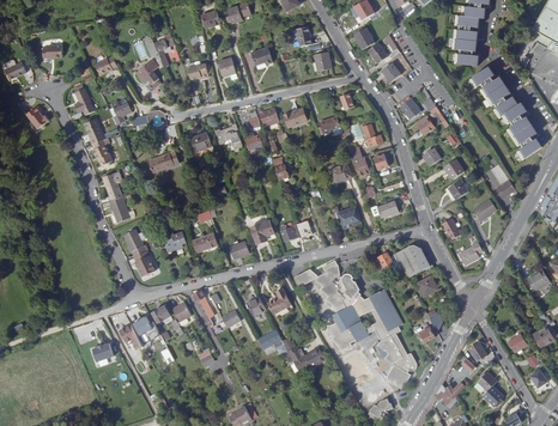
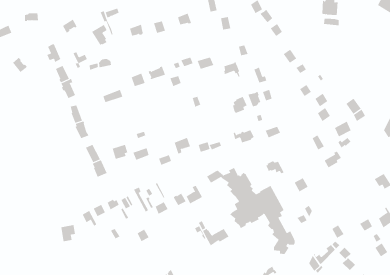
building: [471,66,542,159] -> none
building: [395,244,431,278] -> none

